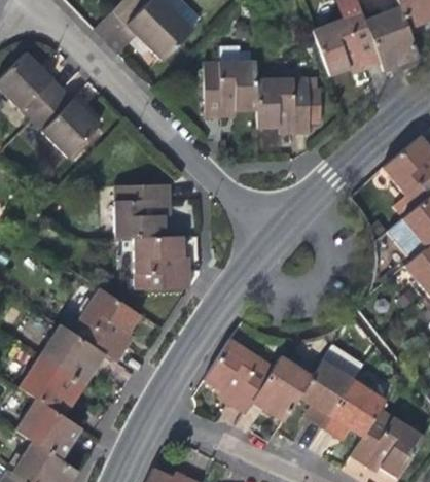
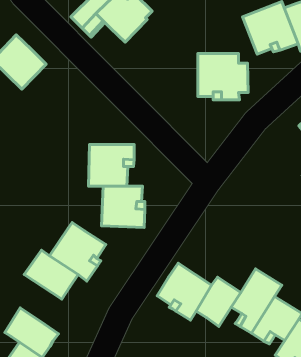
building: [203,57,255,122] -> none
building: [33,88,100,154] -> none
building: [14,354,83,417] -> none

